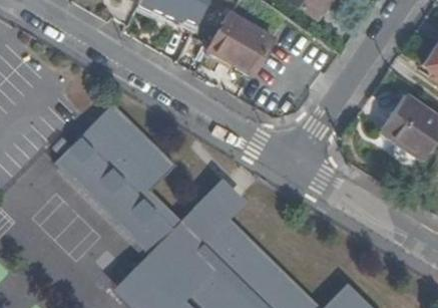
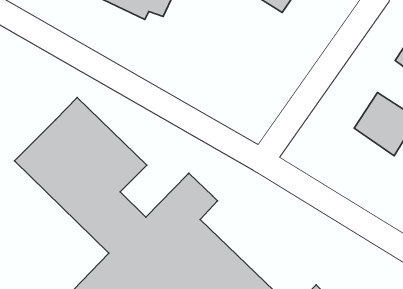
building: [207,14,272,75] -> none

